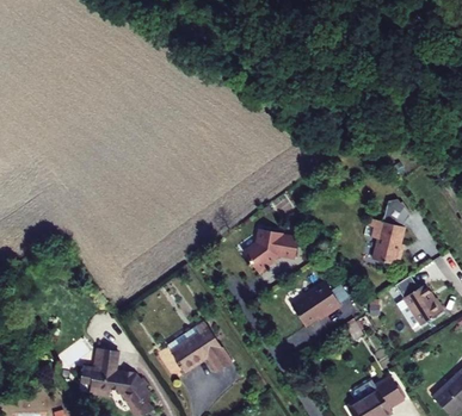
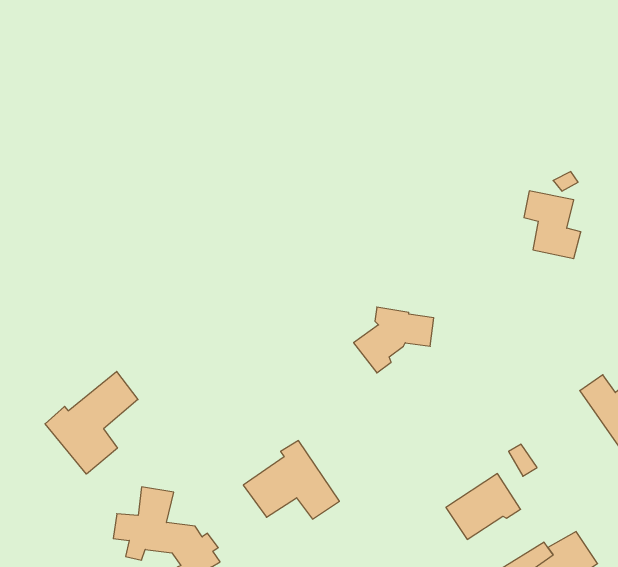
building: [366,222,405,267] -> [524,191,581,259]
building: none -> [45,371,138,474]
building: [290,281,340,325] -> [446,474,521,539]

